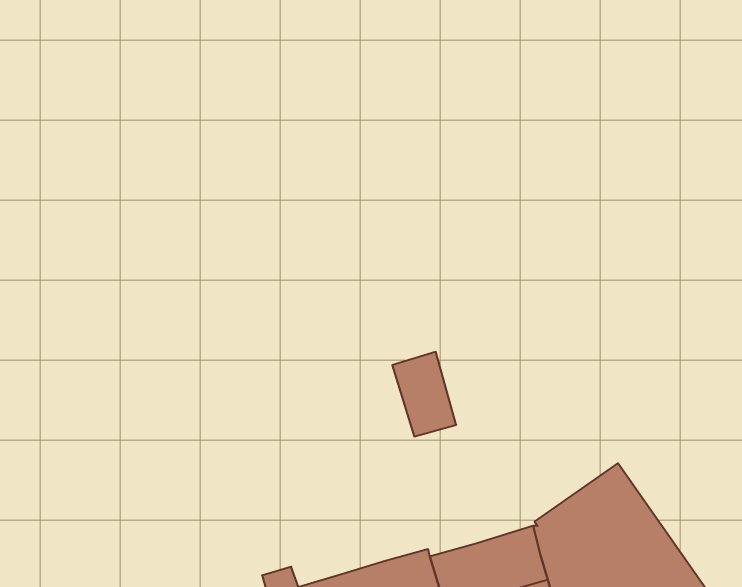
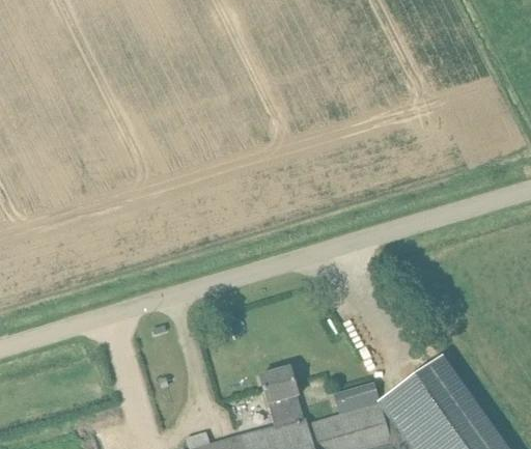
building: [392,352,456,436] -> [260,367,306,427]
building: none -> [334,383,381,415]

